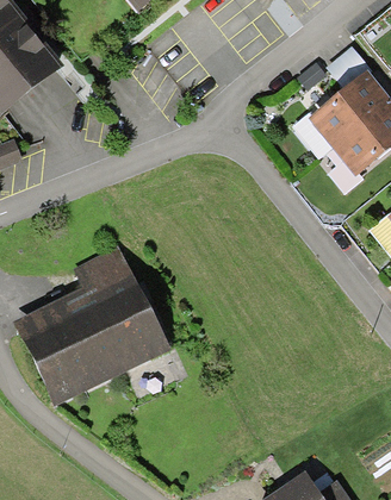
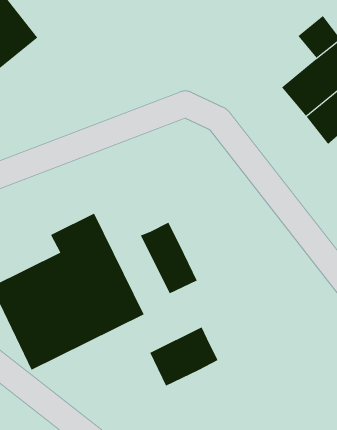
building: none -> [140,222,197,294]
building: none -> [150,327,218,386]

